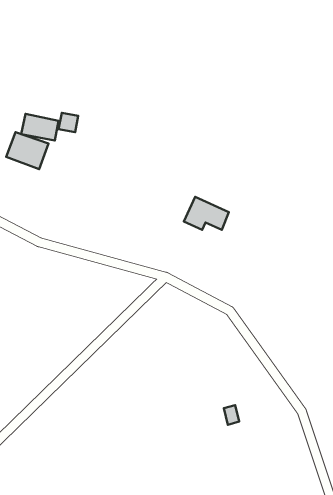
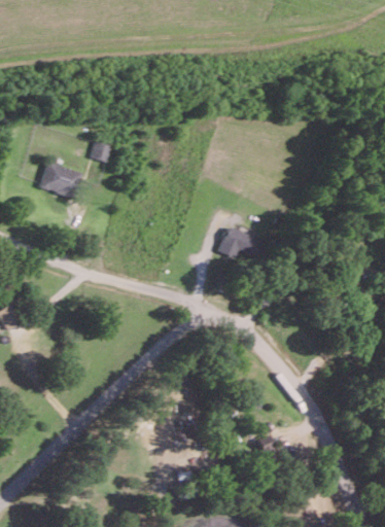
building: [21,114,58,140] -> none

